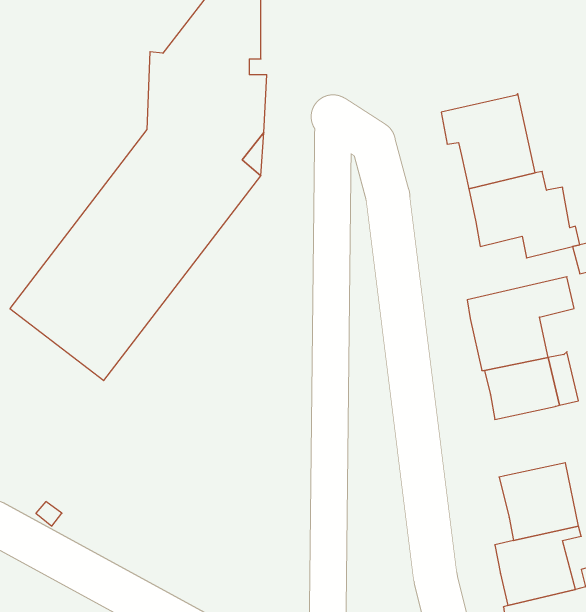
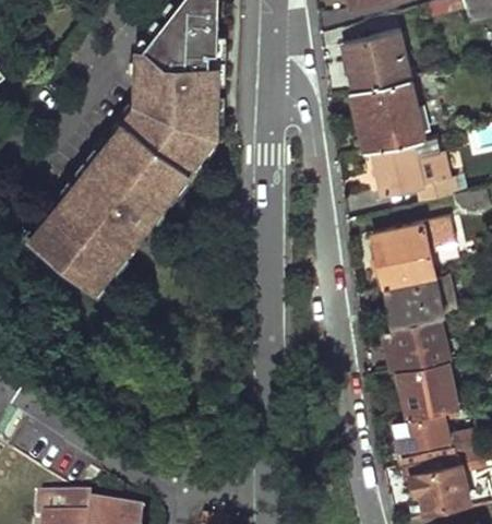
building: none -> [343,34,409,91]
building: none -> [383,315,447,368]

